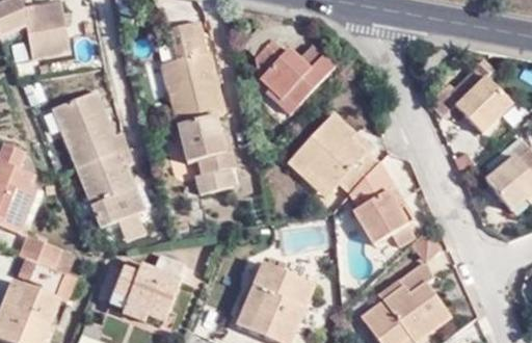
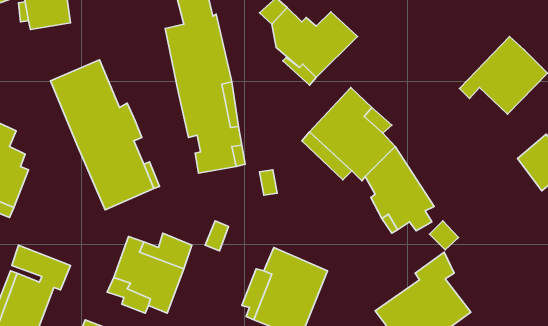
building: [16,238,75,278] -> none

